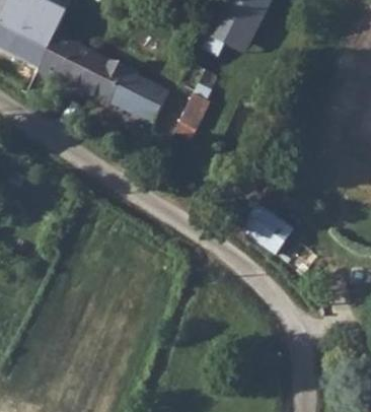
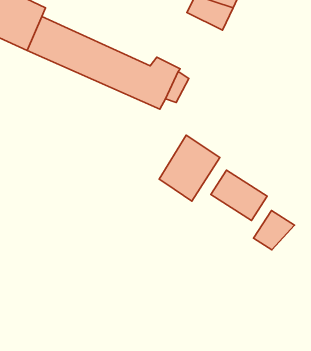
building: none -> [159,135,220,201]
building: none -> [254,210,295,250]

